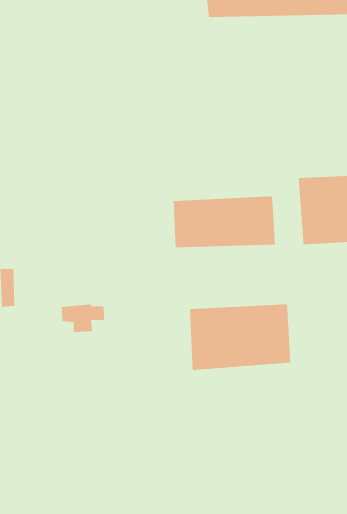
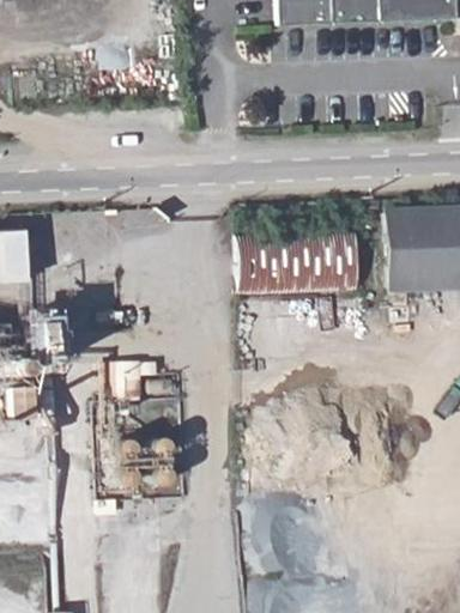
building: [189,304,291,371] -> none

